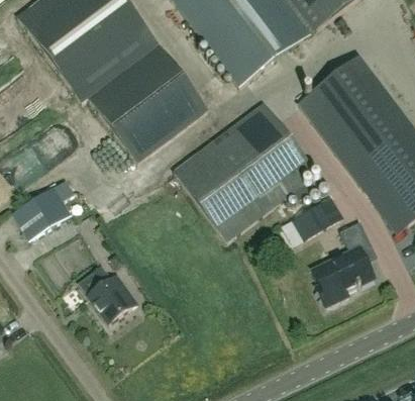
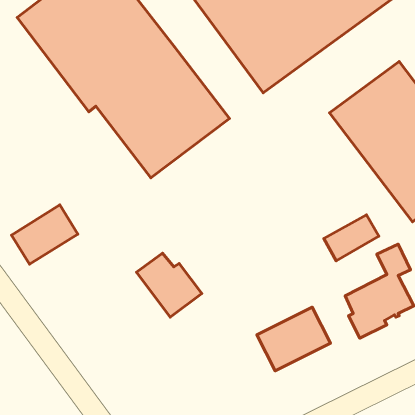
building: [173,102,315,241] -> none
building: [79,267,137,324] -> [137,253,202,317]
building: none -> [257,307,331,371]

